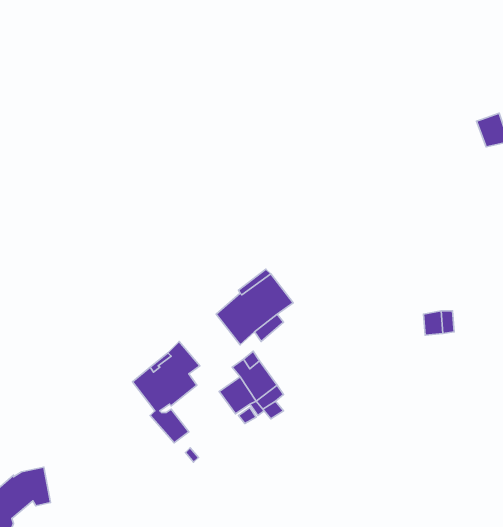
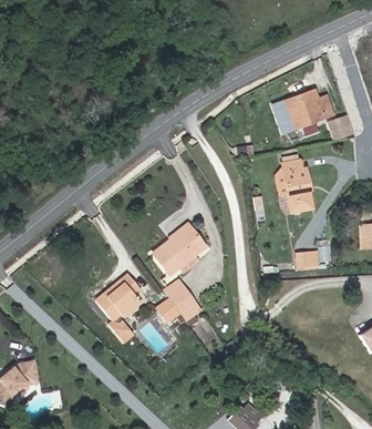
building: none -> [275,89,333,132]
building: none -> [276,160,313,213]

